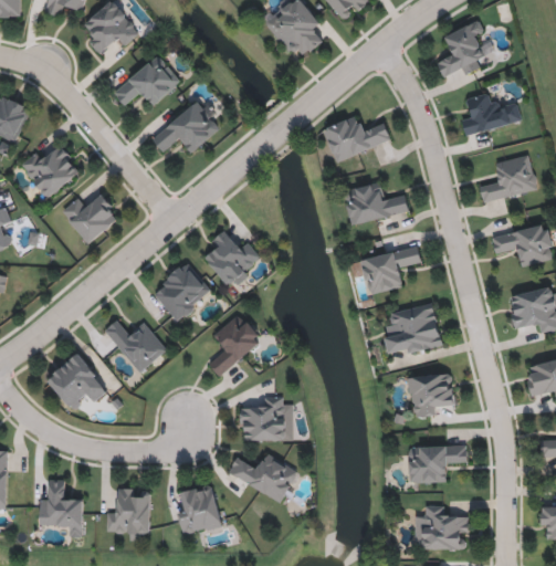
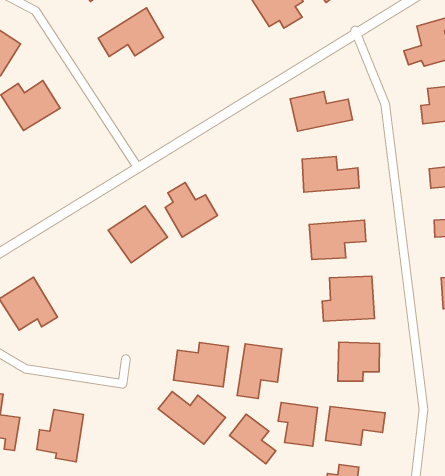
building: [151,97,224,155] -> none
building: [61,191,120,243] -> none
building: [206,312,263,377] -> none
building: [104,319,168,374] -> none
building: none -> [237,344,282,398]
building: none -> [278,402,317,446]
building: none -> [229,414,276,464]
building: [177,483,223,537] -> none

